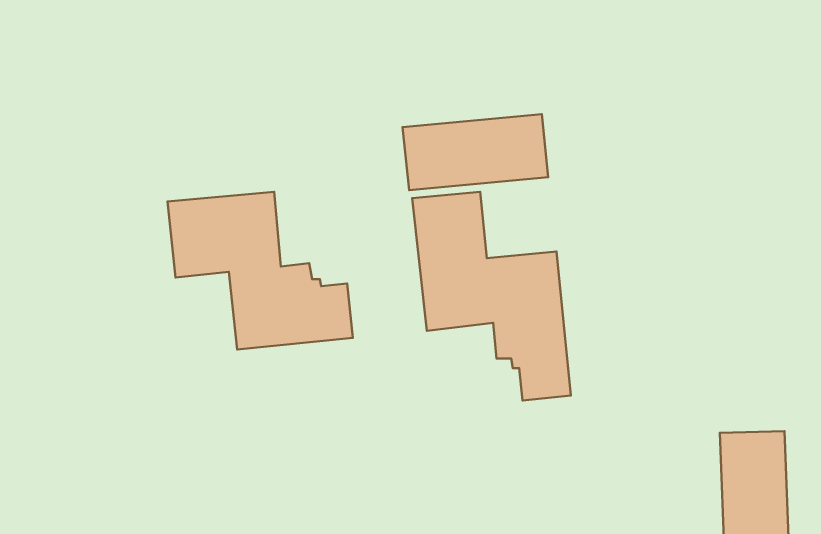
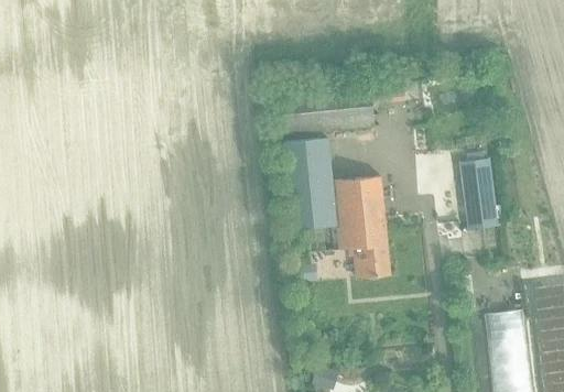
building: [168,192,353,350] -> none
building: none -> [459,159,496,230]

